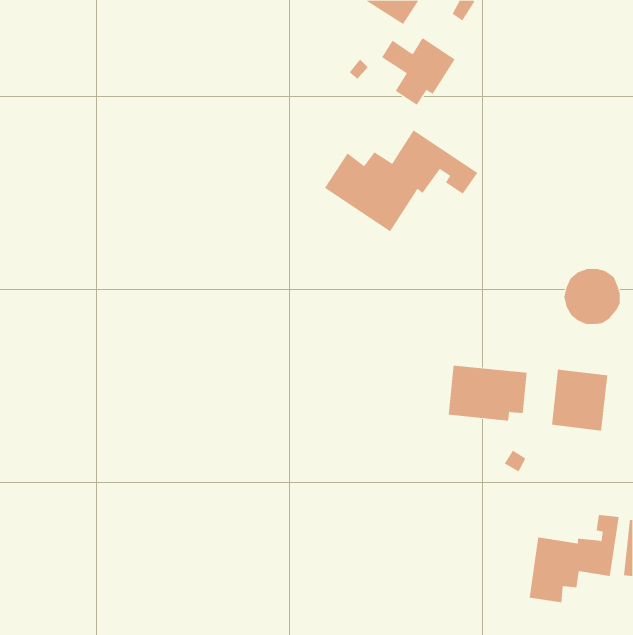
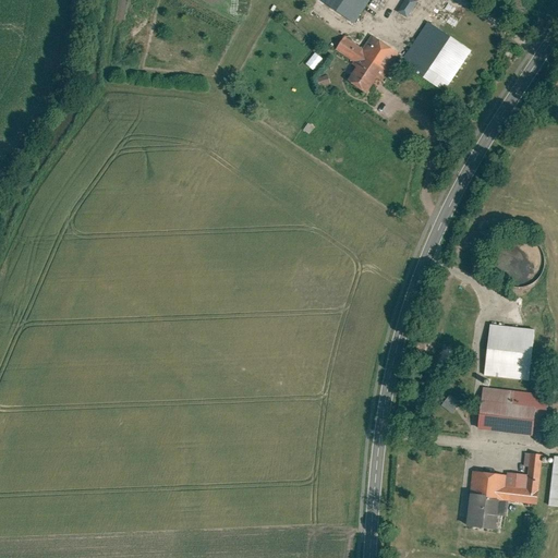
building: none -> [400,21,473,94]
building: [324,130,478,232] -> none
building: [448,365,527,421] -> [477,385,547,434]

